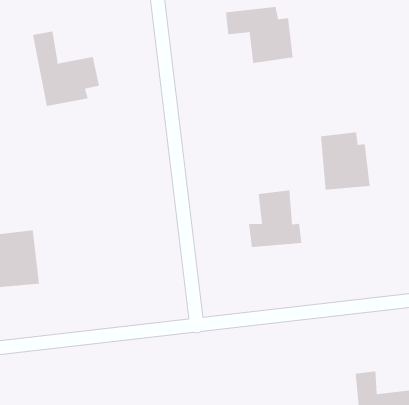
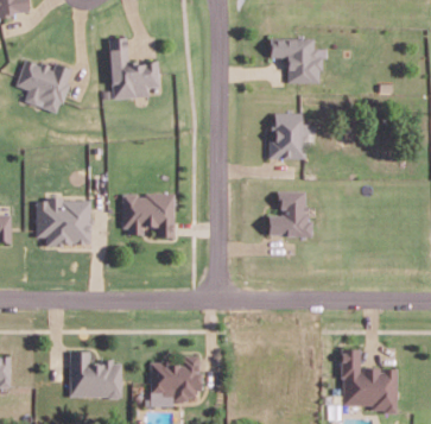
building: [320,132,371,190] -> [270,113,308,159]
building: none -> [122,194,176,238]

